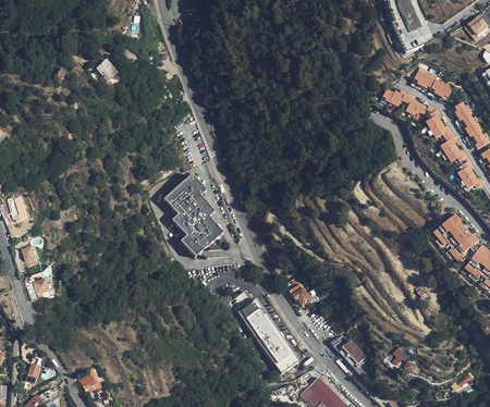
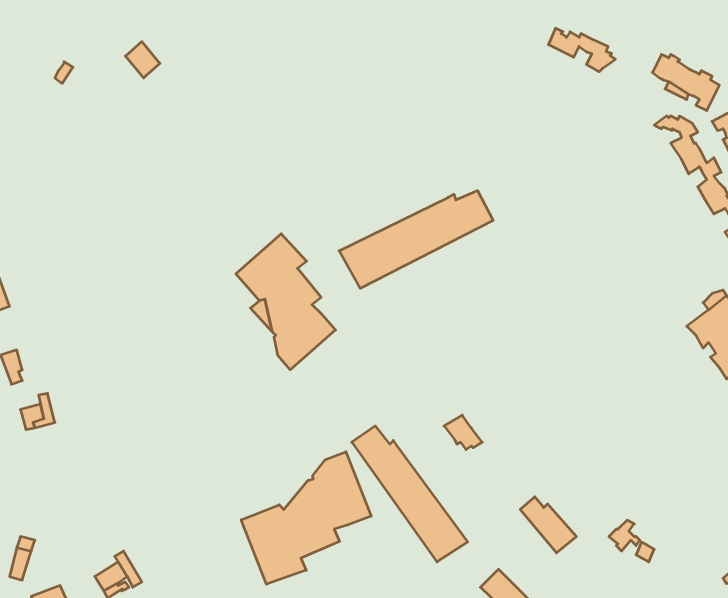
building: [382,86,422,112] -> [548,28,615,72]
building: none -> [339,191,493,288]
building: none -> [241,452,371,584]

